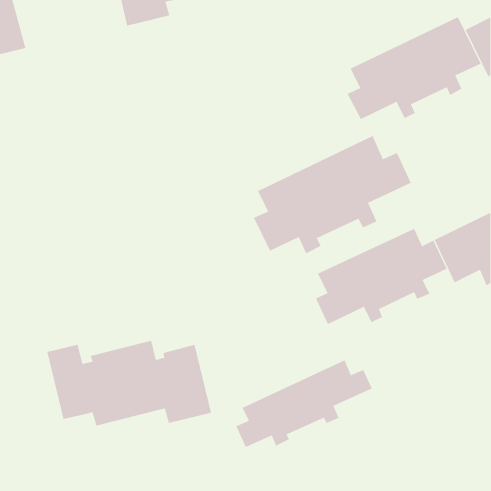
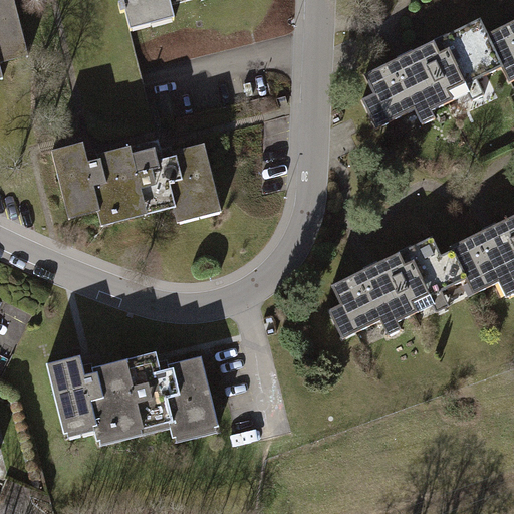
building: [253,135,412,254] -> none
building: none -> [52,142,222,225]
building: [236,360,372,448] -> none

